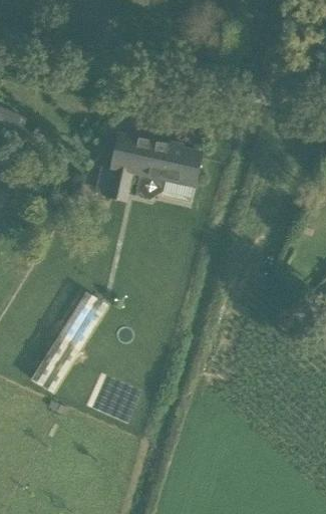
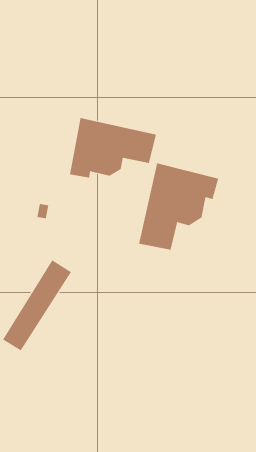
building: none -> [139,162,219,251]

